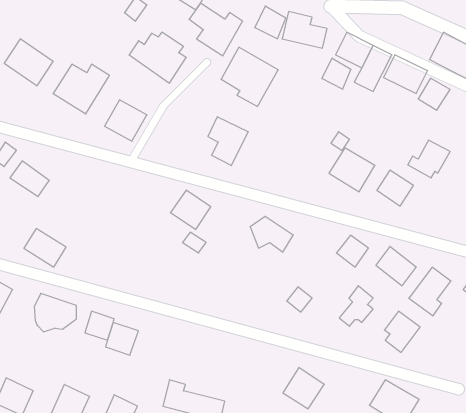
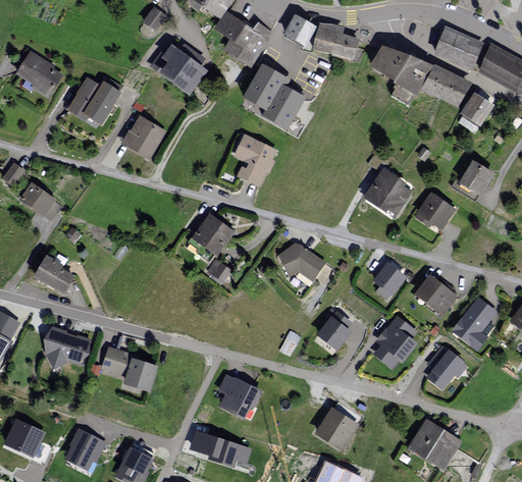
building: none -> [432,26,483,72]
building: [322,58,351,89] -> none
building: none -> [218,374,264,420]

